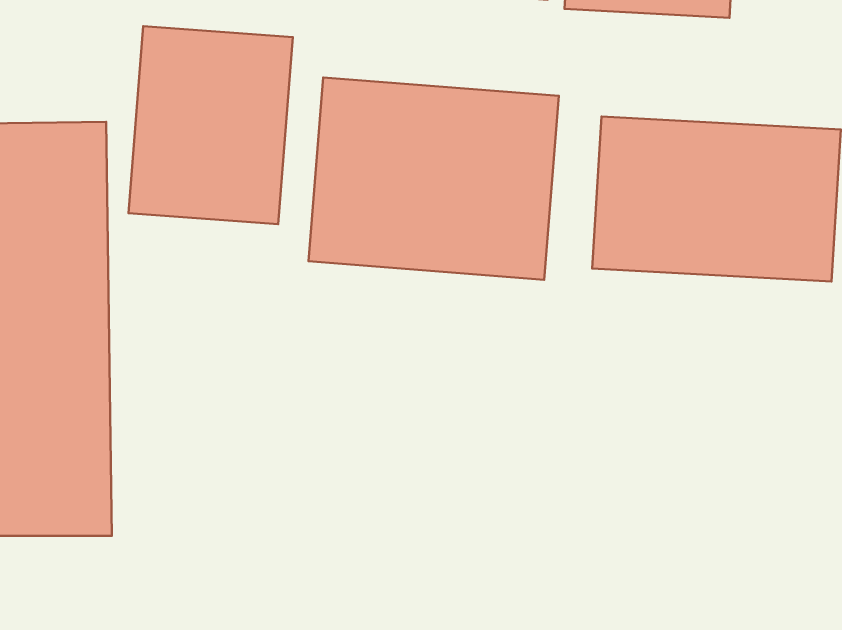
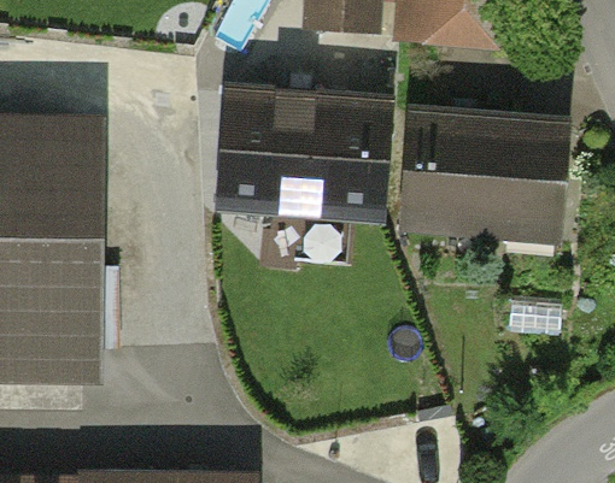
building: [128,26,293,224] -> none

